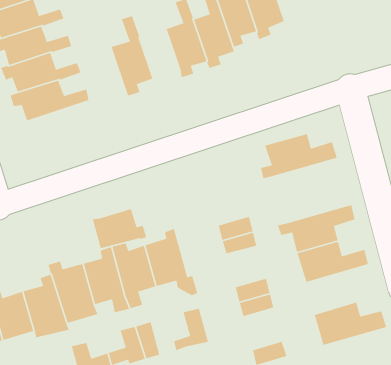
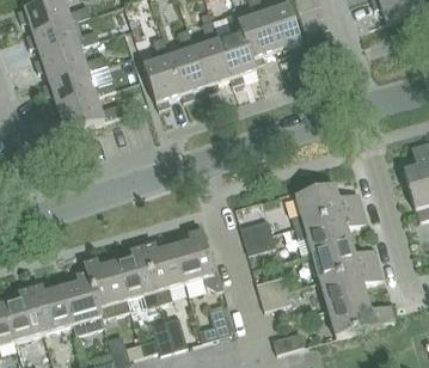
building: none -> [168,29,206,102]
building: [260,133,338,179] -> [292,185,362,227]
building: [92,208,147,249] -> none
building: none -> [320,263,382,308]

